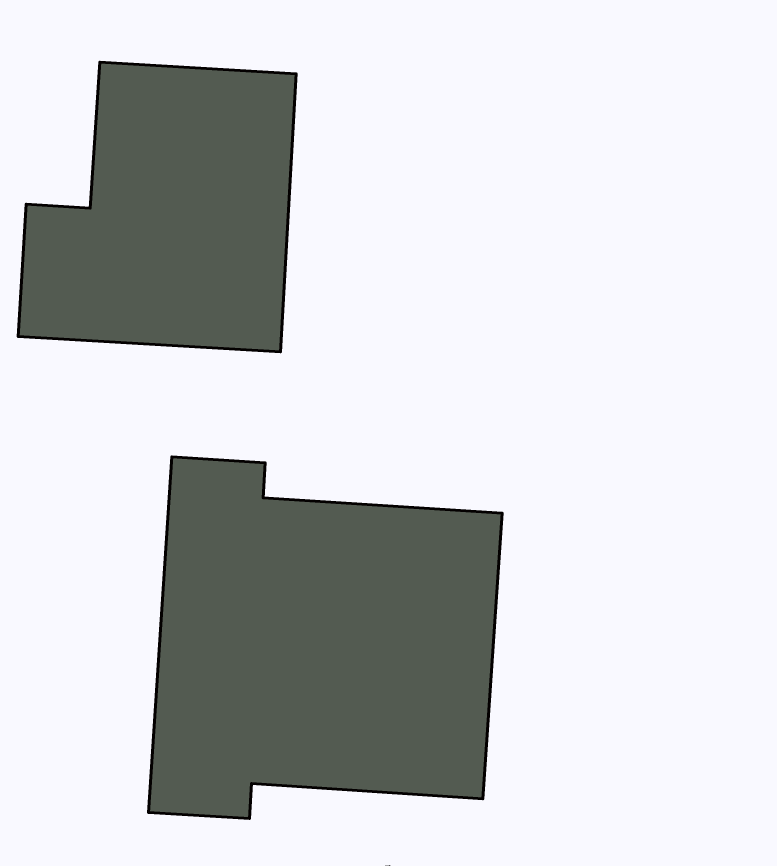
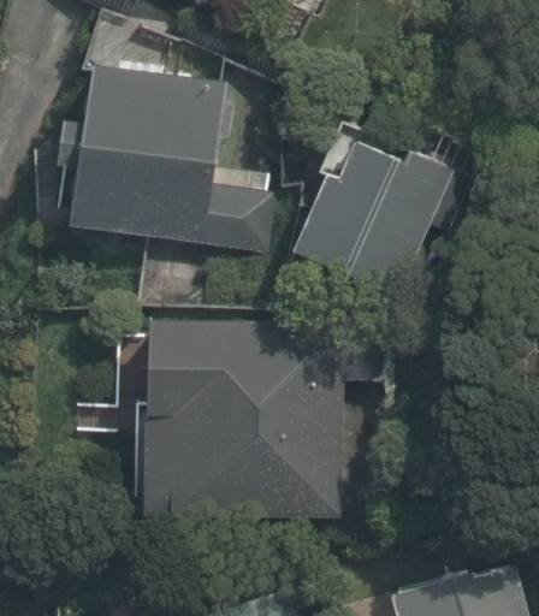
building: none -> [295,123,467,302]

